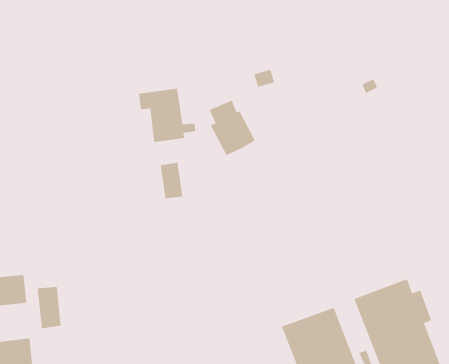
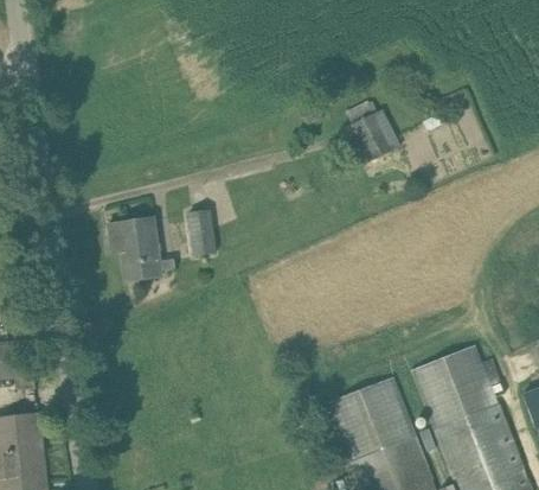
building: [138,88,196,142] -> [108,218,175,281]
building: [209,100,256,156] -> [345,97,399,163]
building: [37,286,61,329] -> none

